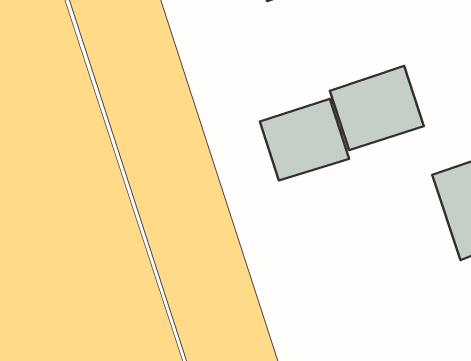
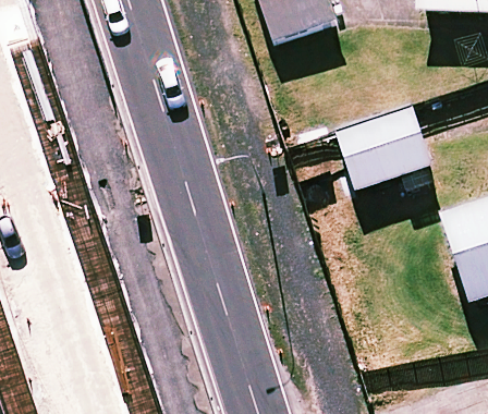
building: [260,99,349,181] -> none

